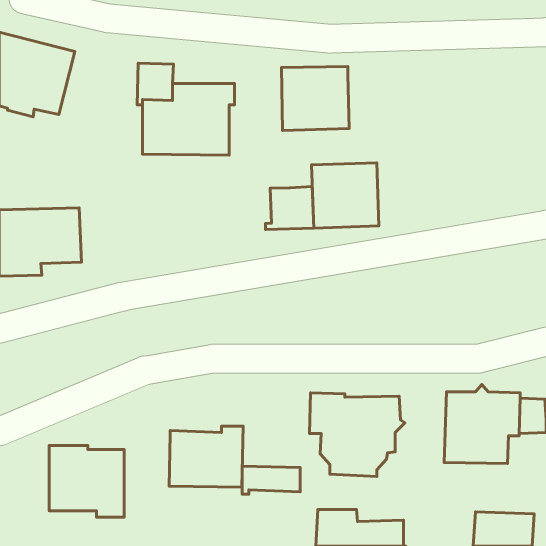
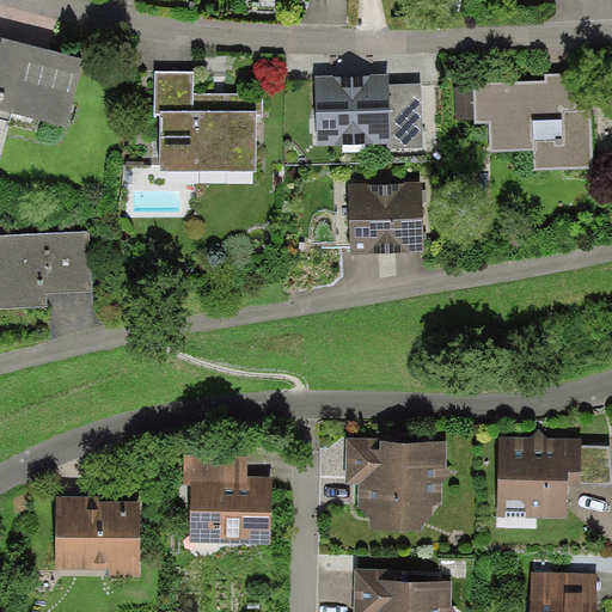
building: none -> [454,73,592,171]
building: none -> [388,82,423,147]
building: [265,187,314,230] -> none
building: [242,466,300,494] -> [183,454,247,485]

